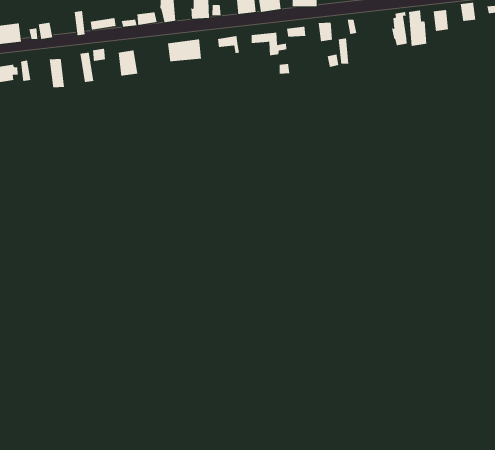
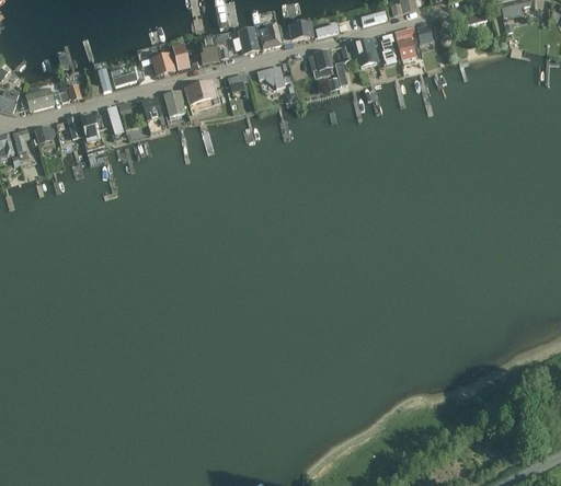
building: none -> [352,37,379,67]
building: none -> [163,89,186,116]

